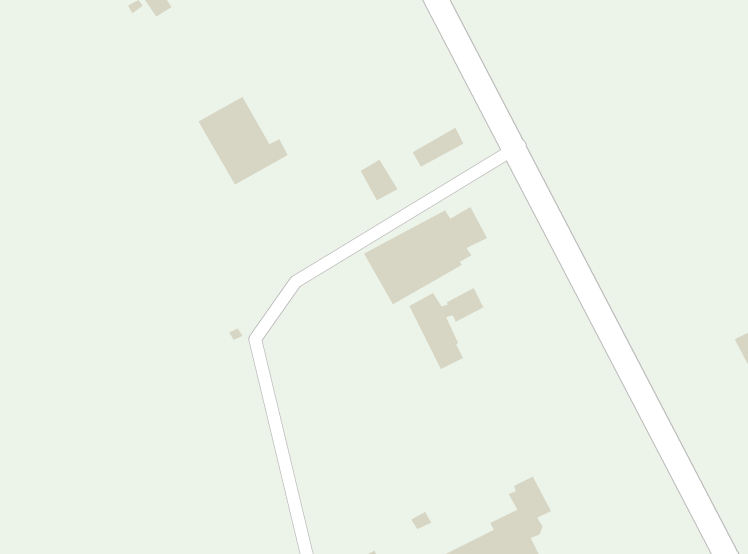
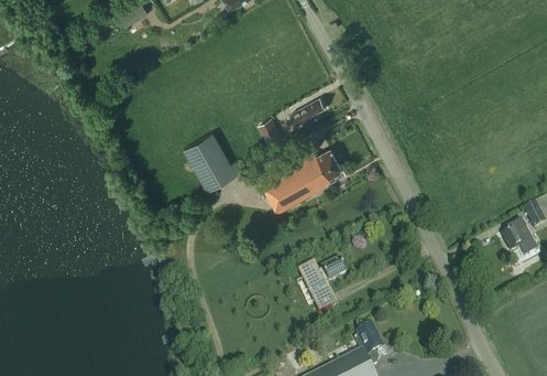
building: [197,96,288,186] -> [184,131,243,190]
building: [408,287,484,370] -> [298,258,348,312]

